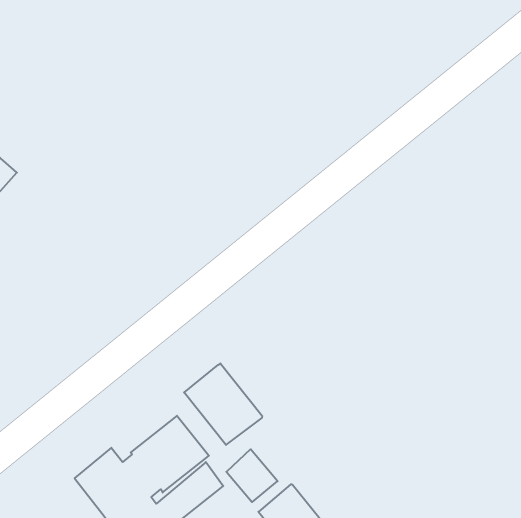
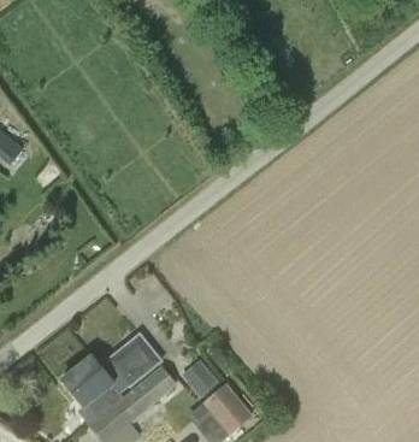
building: [184,363,262,445] -> none

